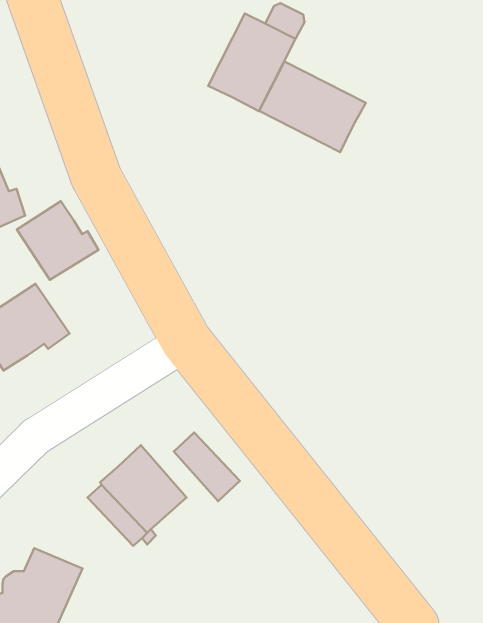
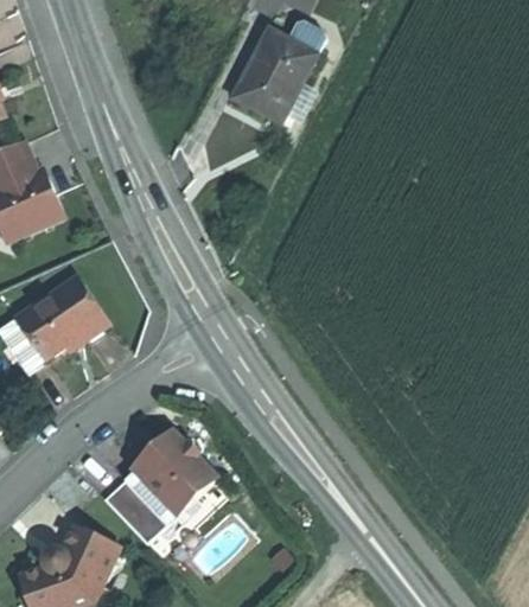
building: [259,61,366,152] -> none
building: [17,201,98,280] -> none
building: [174,432,240,501] -> [102,479,164,543]

